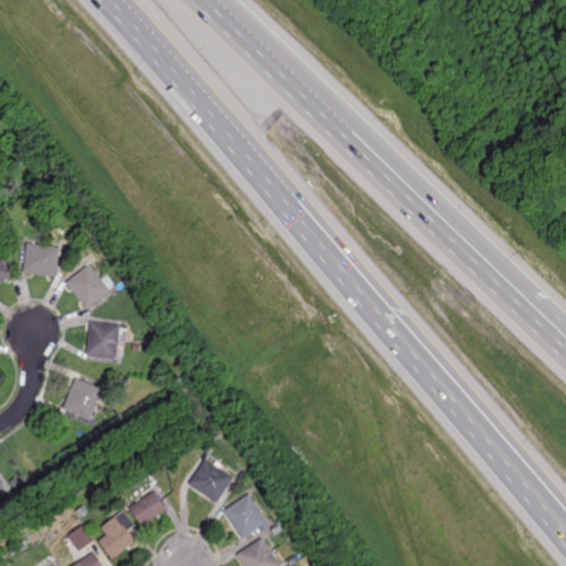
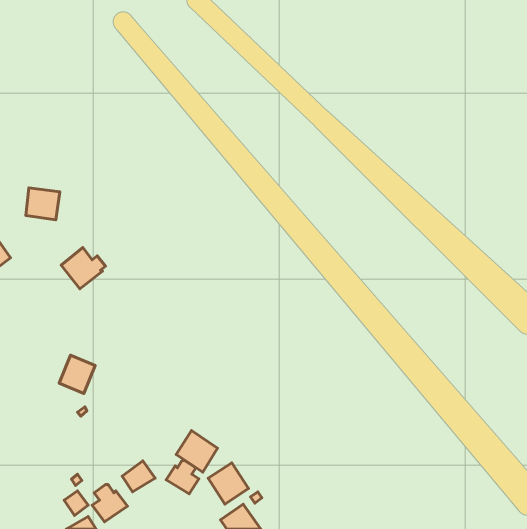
building: [22,243,59,277] -> [26,188,60,220]
building: [85,322,119,359] -> none
building: none -> [166,460,199,494]

